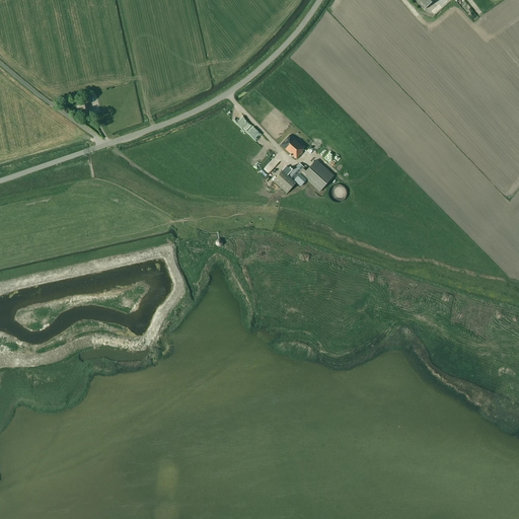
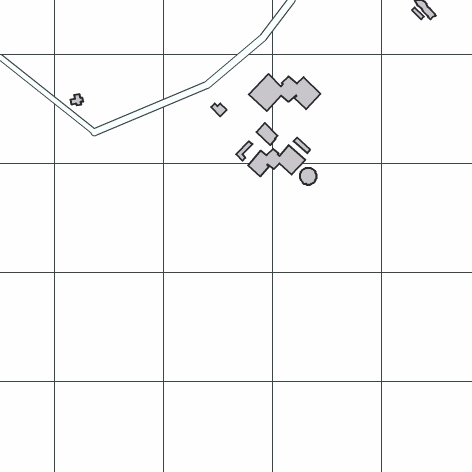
building: none -> [249,74,320,111]

